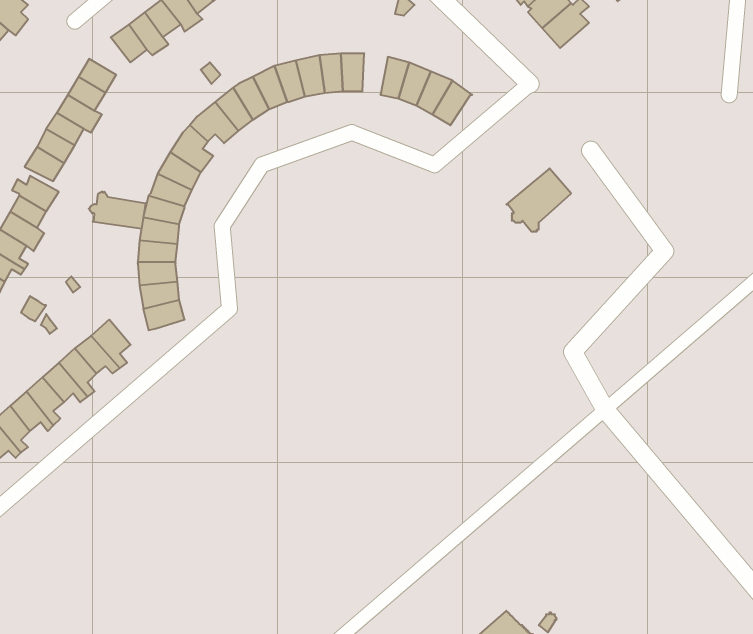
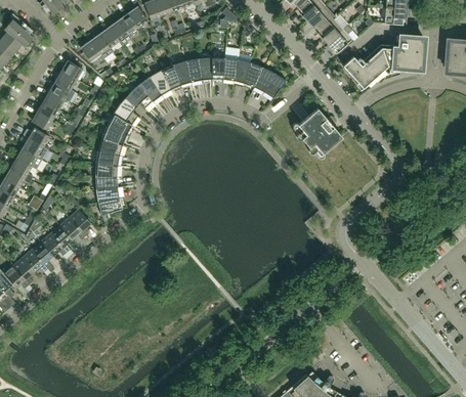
building: none -> [343,37,424,89]
building: none -> [223,47,240,81]
building: none -> [293,108,330,143]
building: [89,191,145,229] -> none

